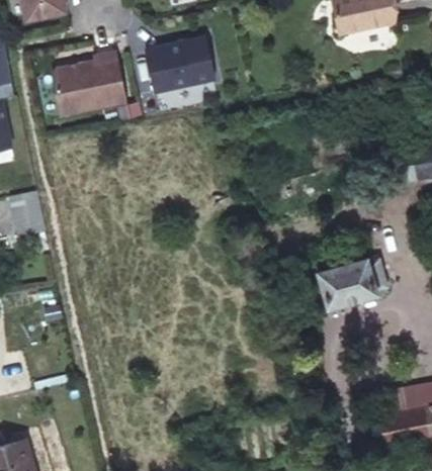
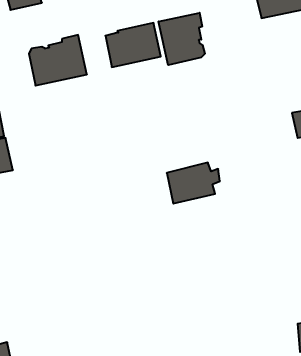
building: none -> [159,13,205,65]
building: [322,257,388,308] -> [167,163,220,204]

